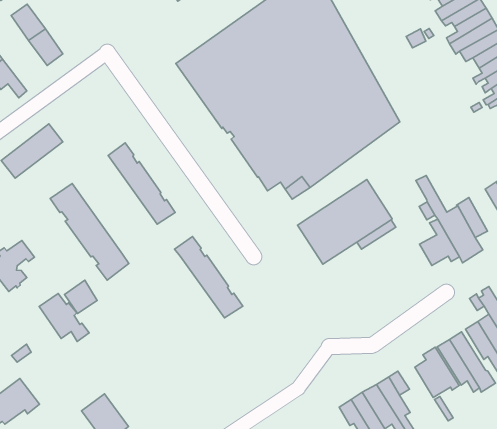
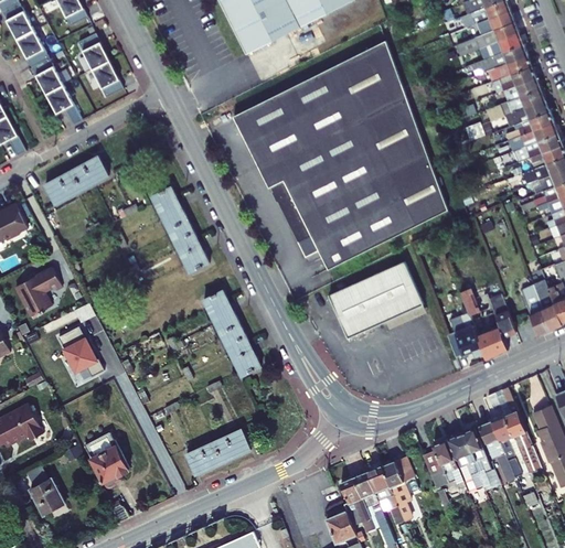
building: [50,184,129,280] -> none
building: [64,280,97,314] -> none
building: none -> [185,429,249,474]

